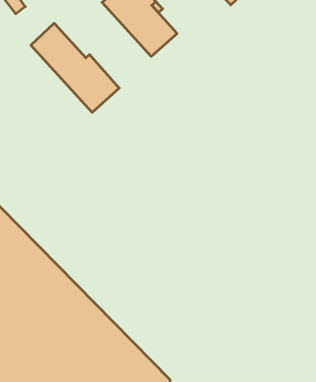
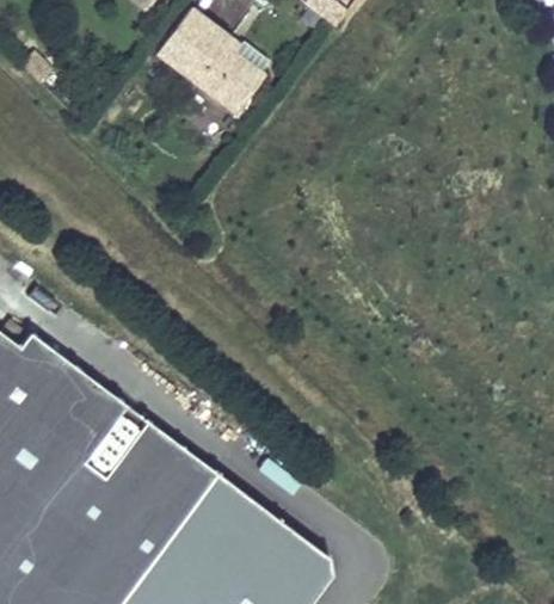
building: [31,23,119,112] -> none

